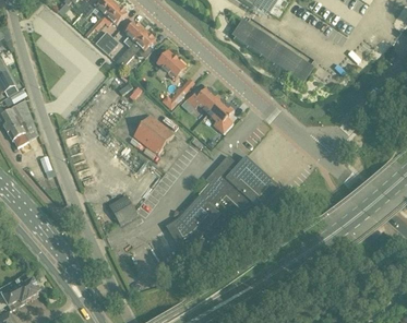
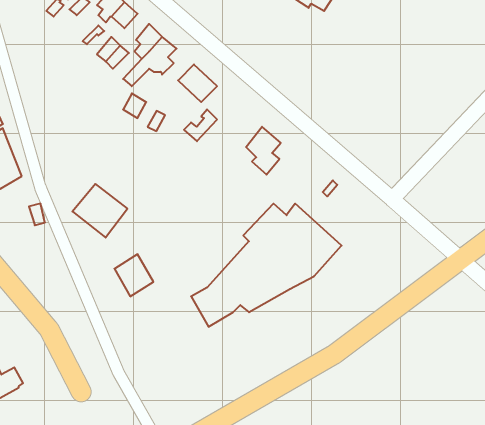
building: [235,19,314,82] -> none
building: [184,86,219,112] -> none
building: [132,113,173,154] -> [72,184,127,238]

